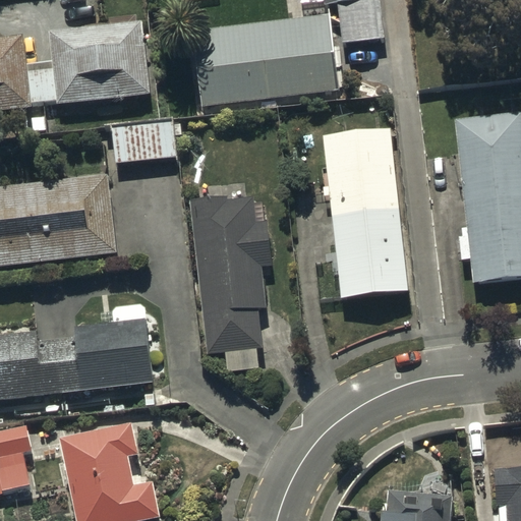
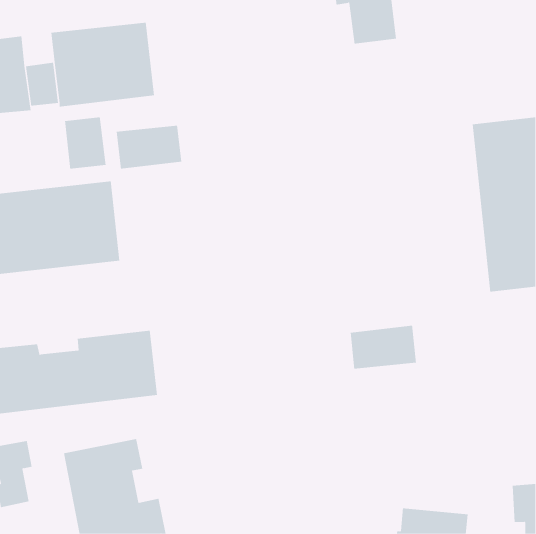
building: [193,14,337,108] -> none
building: none -> [65,117,106,170]
building: [324,129,408,299] -> none
building: [191,196,271,372] -> none
building: none -> [350,325,417,369]

